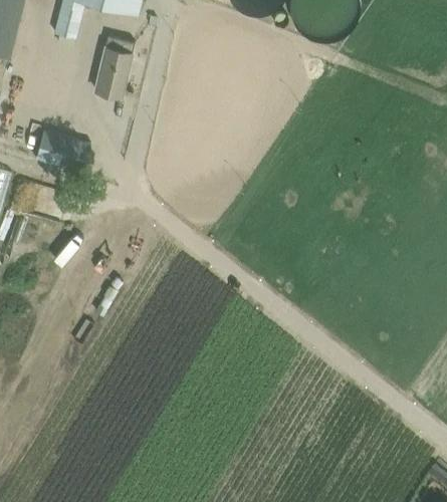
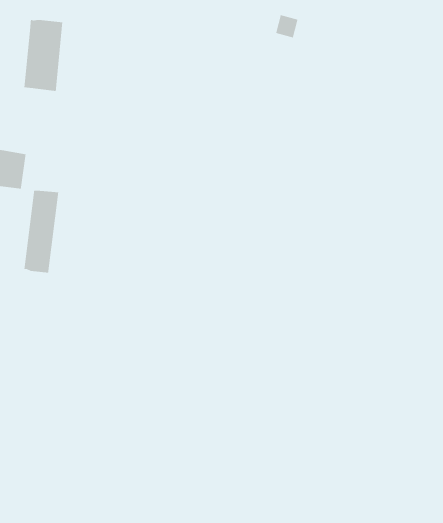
building: none -> [24,190,59,273]

